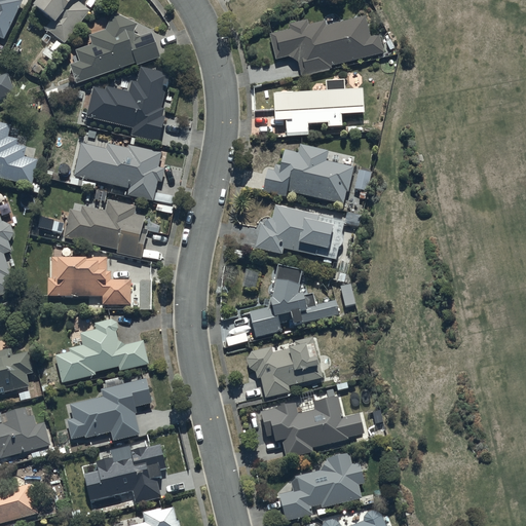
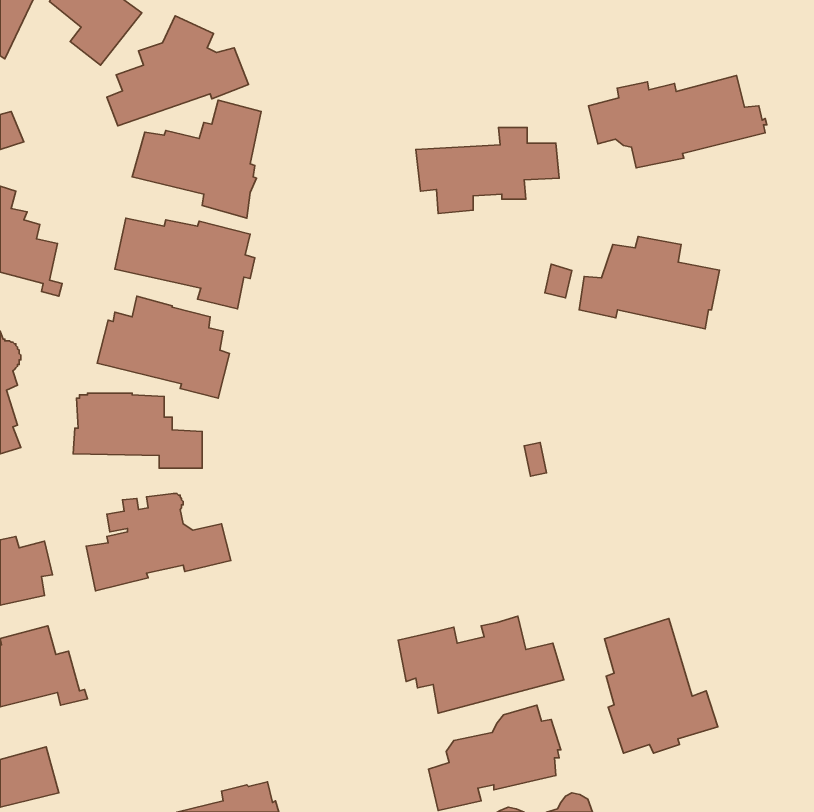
building: [267,16,382,76] -> [588,75,767,168]
building: [260,146,350,205] -> [579,237,720,329]
building: [252,206,360,264] -> none
building: [247,266,340,339] -> none
building: [245,339,320,400] -> none
building: [67,373,152,439] -> none
building: none -> [605,618,718,753]
building: [83,442,165,502] -> none

